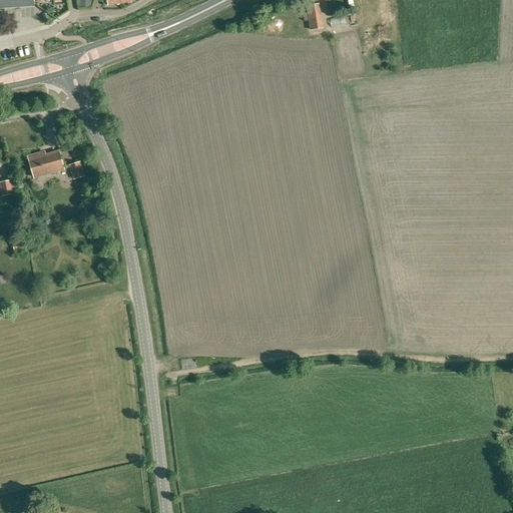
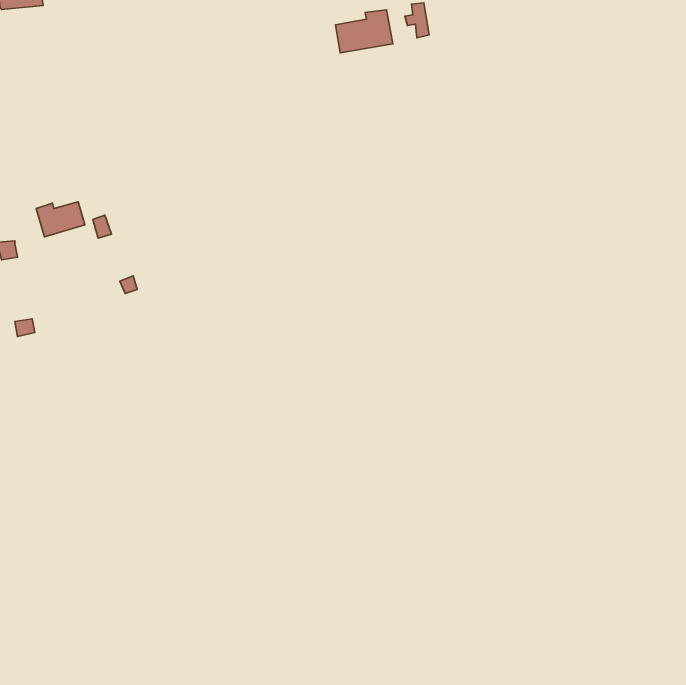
building: none -> [335,10,393,53]

